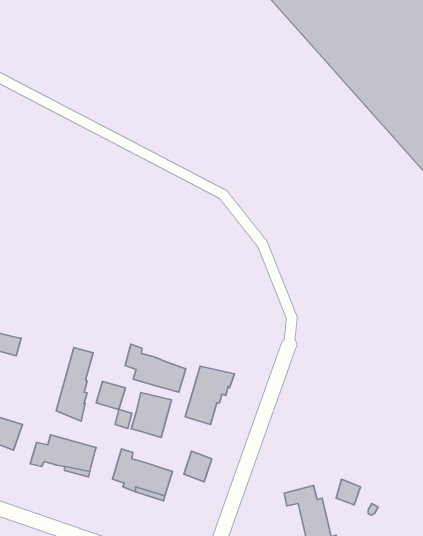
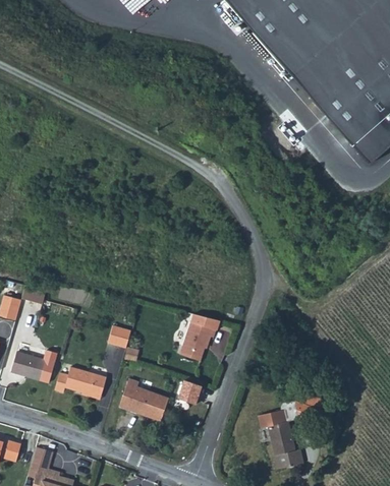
building: [125,344,186,392] -> none
building: [56,348,93,421] -> none
building: [131,392,172,438] -> none

